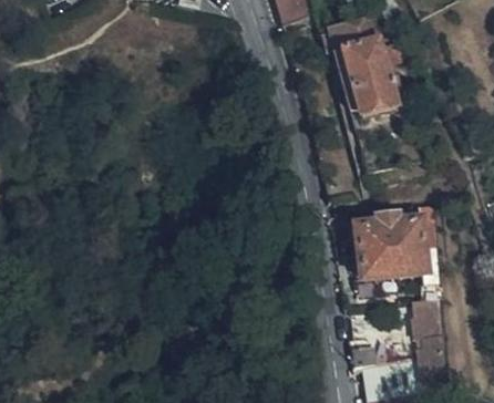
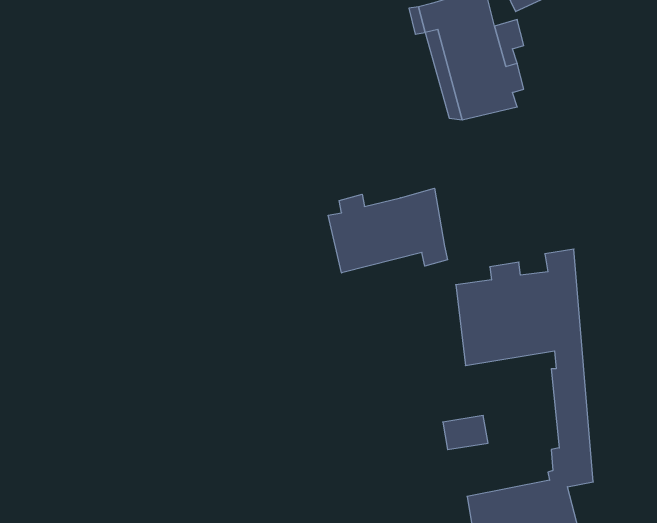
building: none -> [328,188,448,273]

